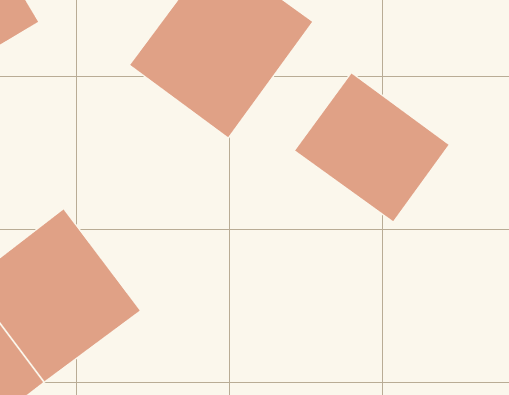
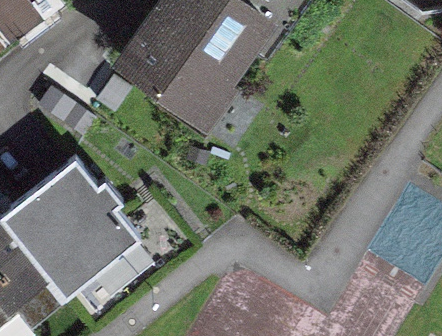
building: [294,72,449,222] -> none

